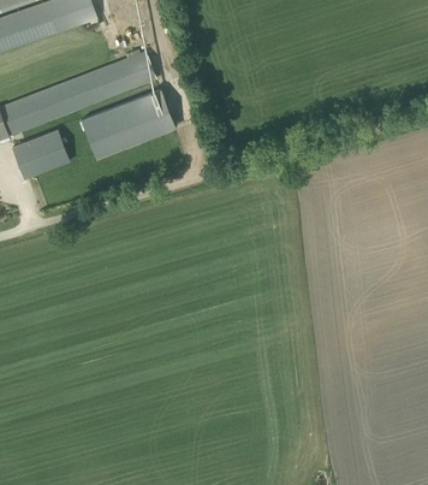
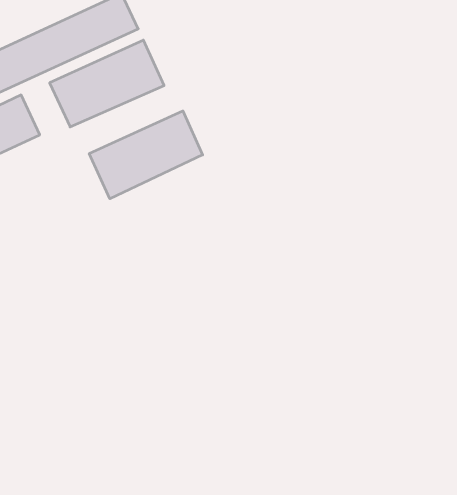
building: none -> [89,111,203,199]

